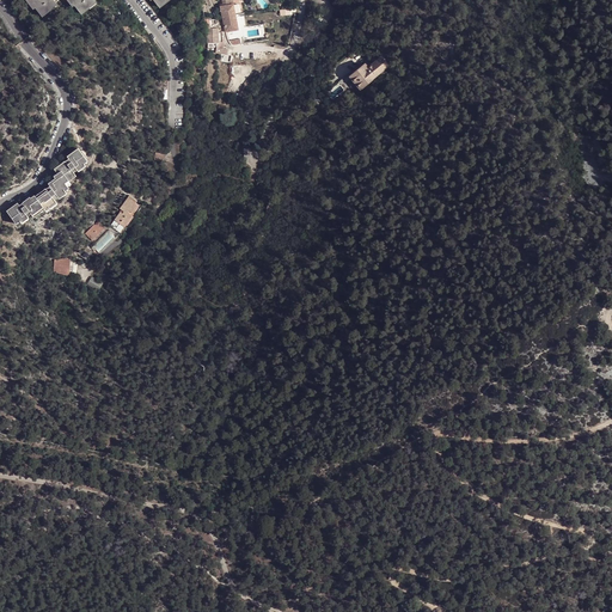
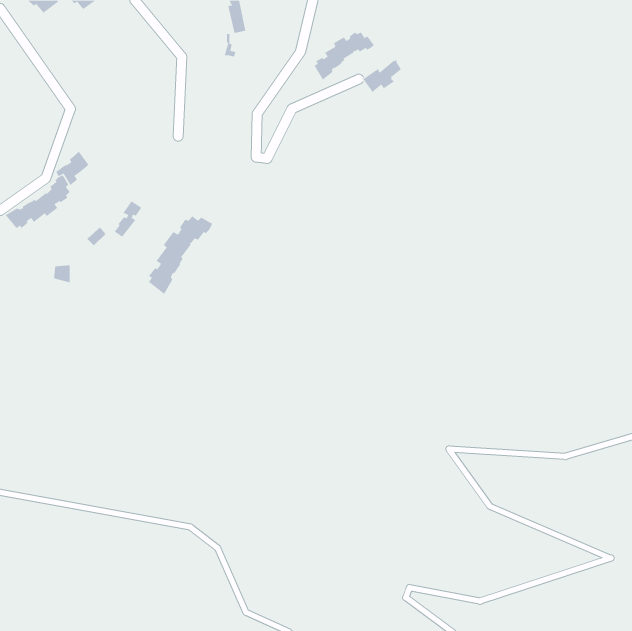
building: none -> [314,32,374,81]
building: none -> [148,216,213,295]

